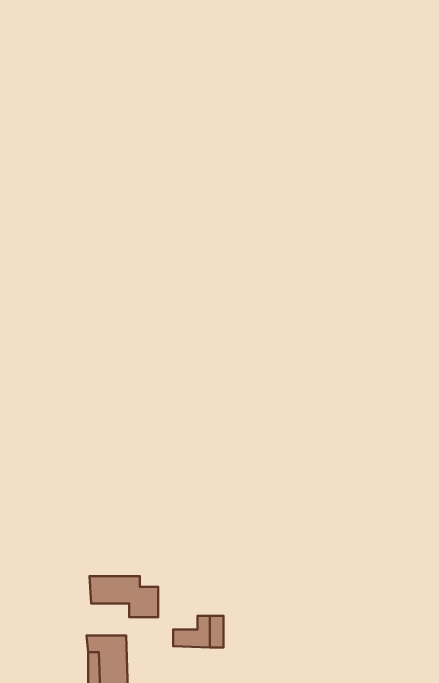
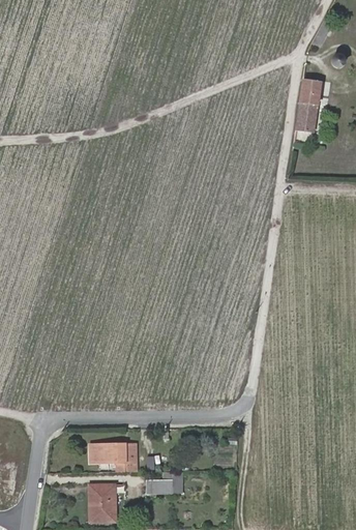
building: none -> [296,81,321,132]

